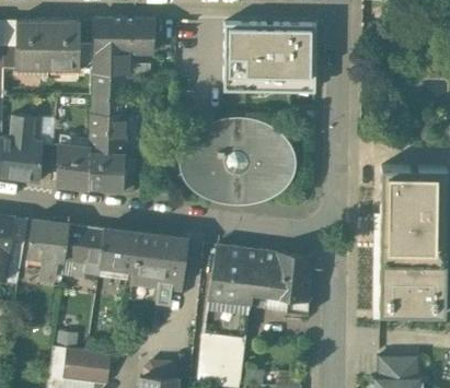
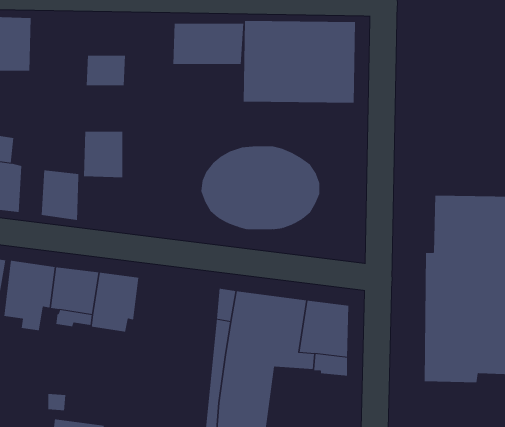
building: [95,19,154,52] -> [172,23,244,65]
building: [48,22,81,67] -> none
building: [93,78,126,115] -> none
building: [88,152,125,192] -> none
building: [131,235,187,287] -> none

